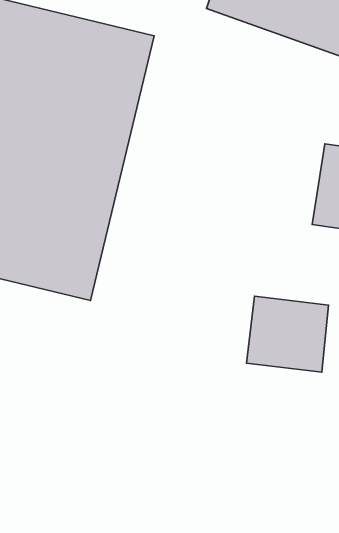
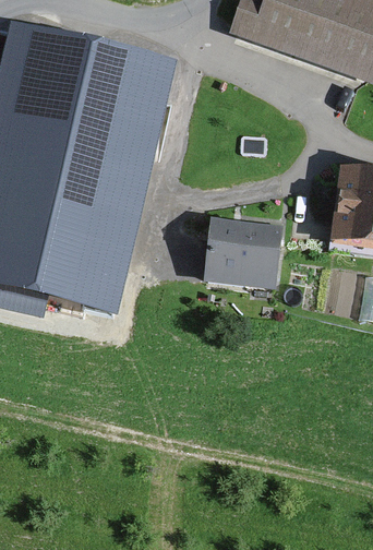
building: [247,296,329,372] -> [204,216,282,289]

